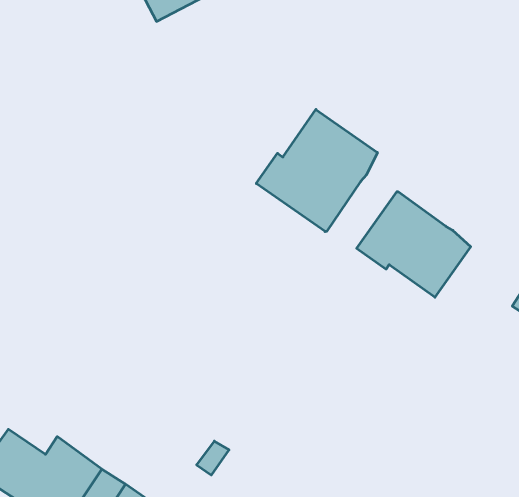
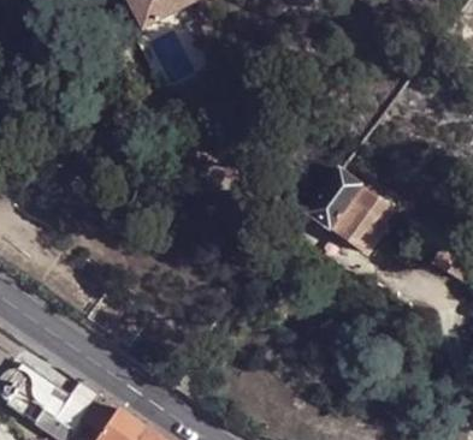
building: [256,109,377,232] -> none

